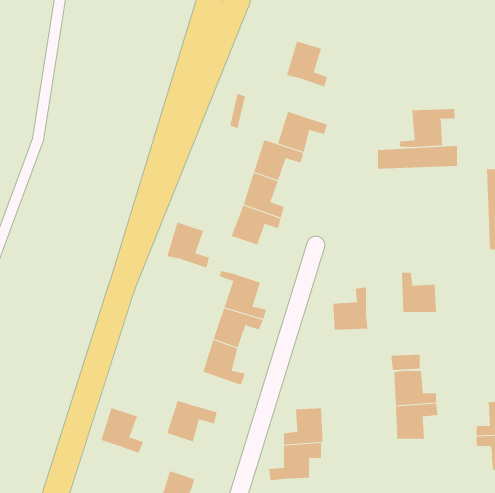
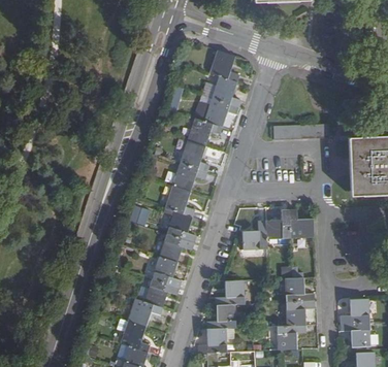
building: none -> [211,75,240,107]
building: [400,108,455,148] -> none
building: [166,222,210,268] -> [164,185,194,216]
building: none -> [265,209,290,239]
building: none -> [144,278,179,306]
building: none -> [216,279,244,304]
building: [100,407,144,454] -> [120,321,150,353]
building: none -> [277,325,305,349]

